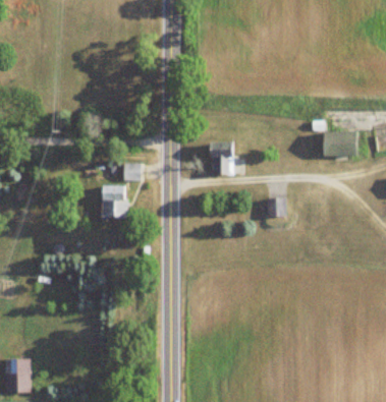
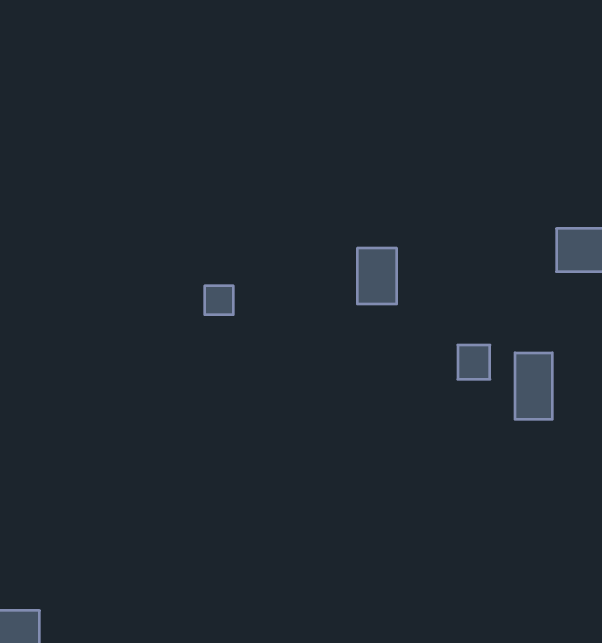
building: [102,185,126,217] -> none
building: none -> [515,353,552,419]

